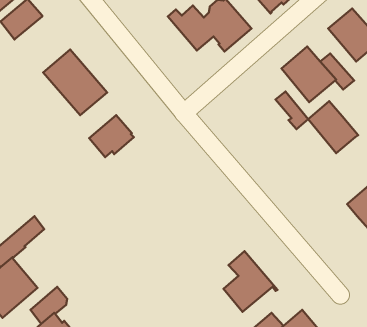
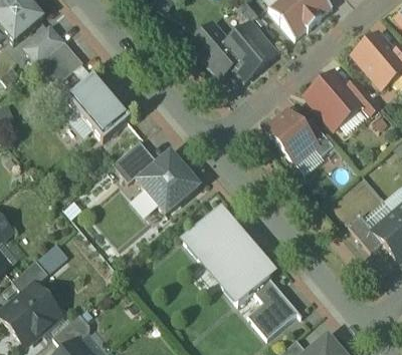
building: none -> [38,41,82,84]
building: [308,101,358,153] -> [266,109,317,161]
building: none -> [138,151,199,214]
building: none -> [184,211,272,304]
building: none -> [349,213,383,251]

